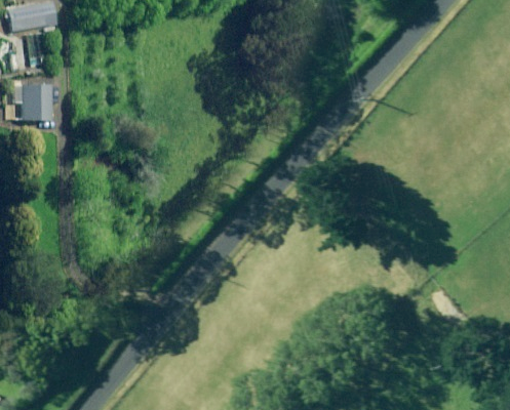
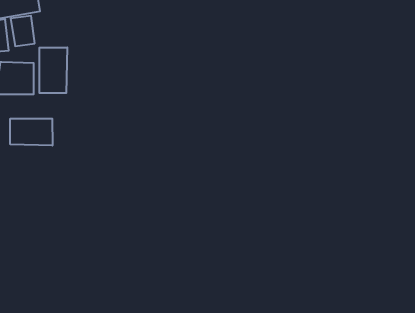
building: none -> [39,47,67,93]
building: none -> [10,119,52,146]

